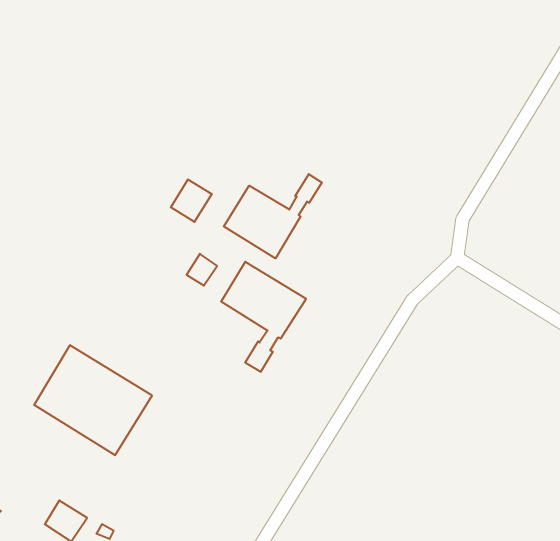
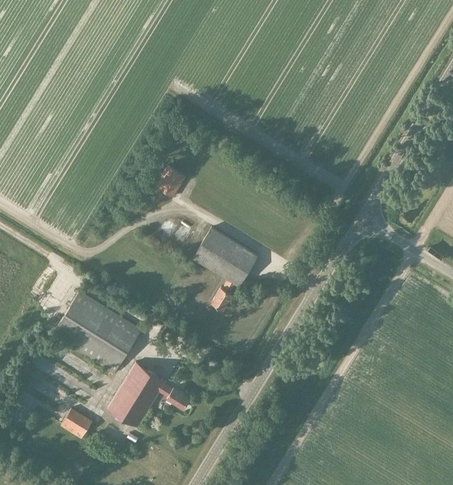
building: [224,174,322,258] -> none
building: none -> [108,363,191,427]

